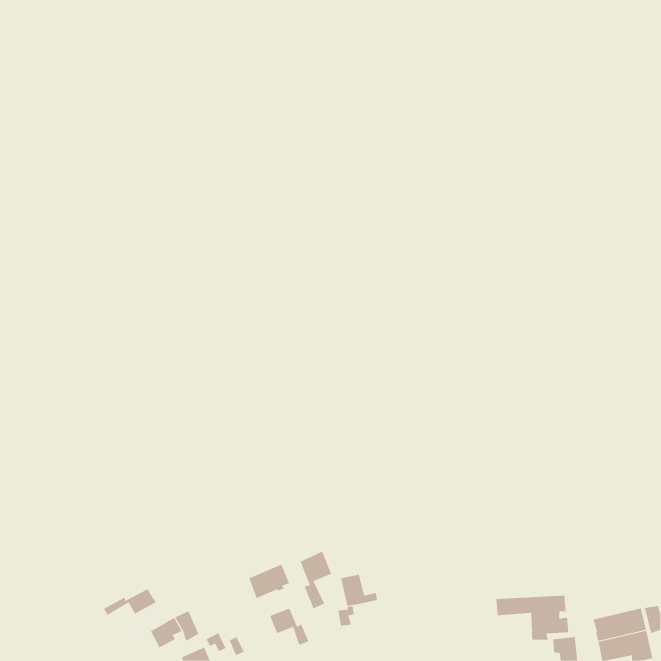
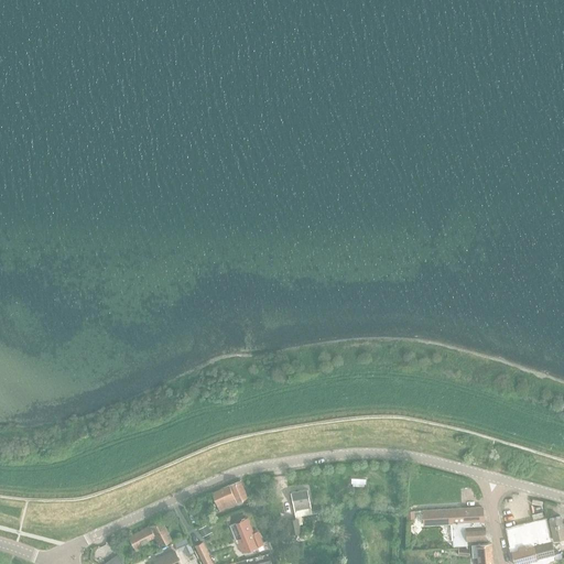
building: [300,551,332,609] -> none
building: [103,588,157,616] -> none

